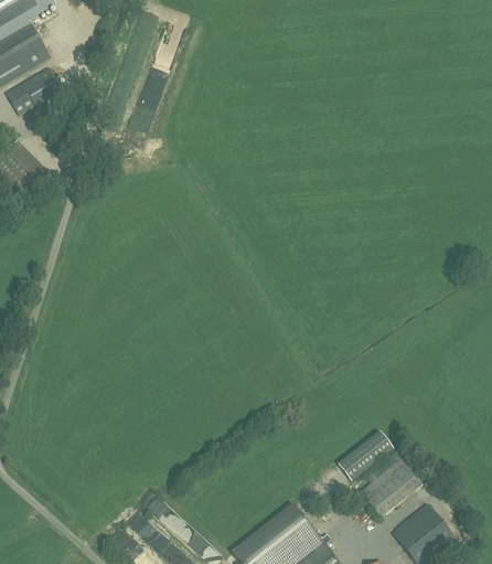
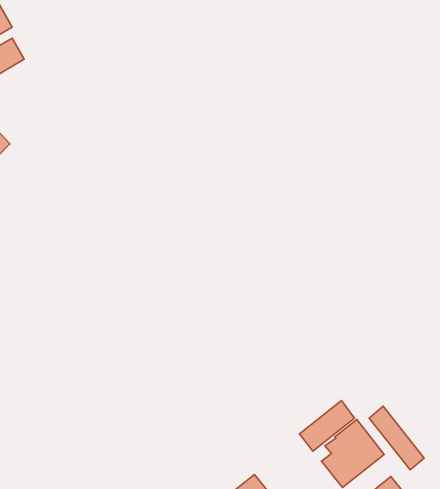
building: none -> [369,406,424,470]

